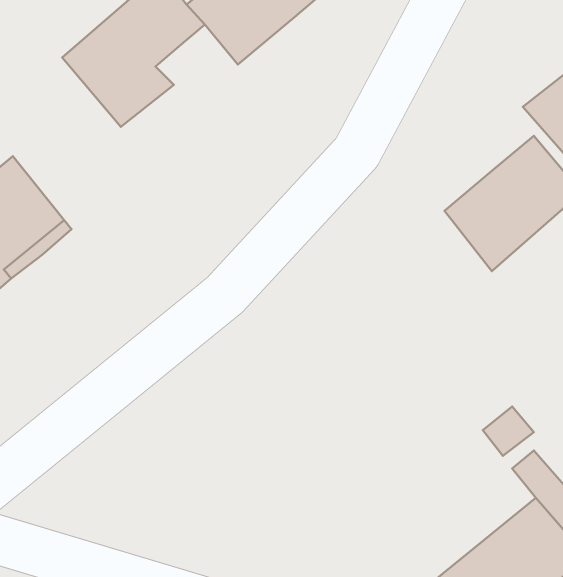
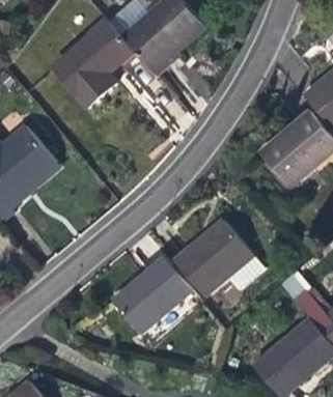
building: none -> [177,220,256,296]
building: none -> [116,259,193,333]

